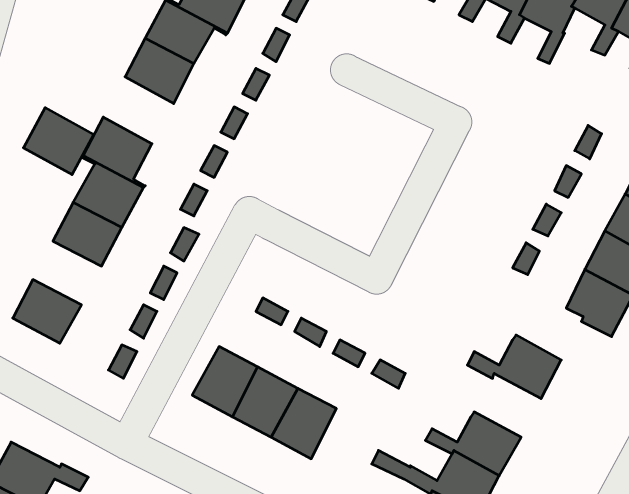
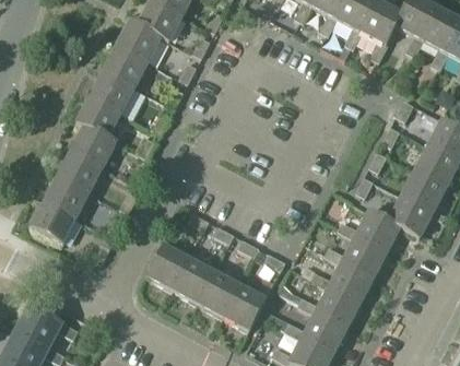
building: [23,108,94,175] -> [89,68,134,111]
building: none -> [43,175,87,216]
building: none -> [339,209,401,252]
building: none -> [299,261,374,303]
building: none -> [224,284,267,330]

